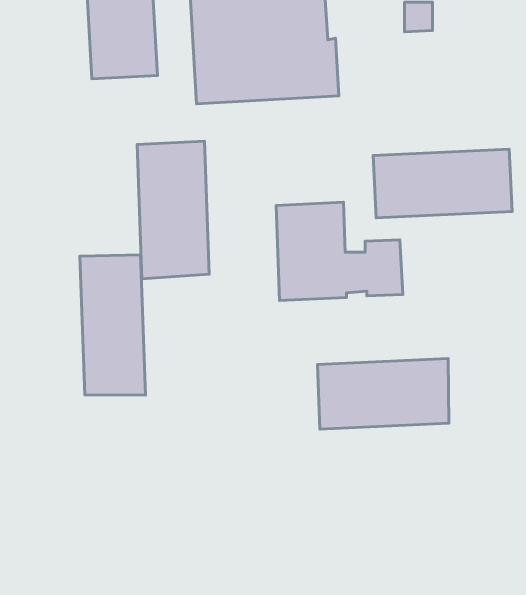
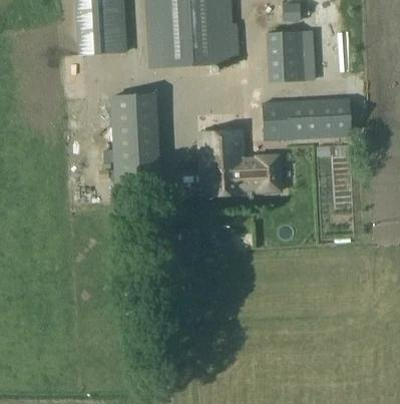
building: none -> [267,31,305,82]
building: [80,255,145,395] -> none
building: [318,358,449,429] -> none

